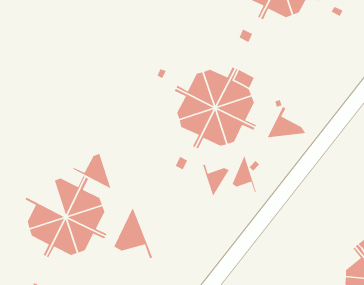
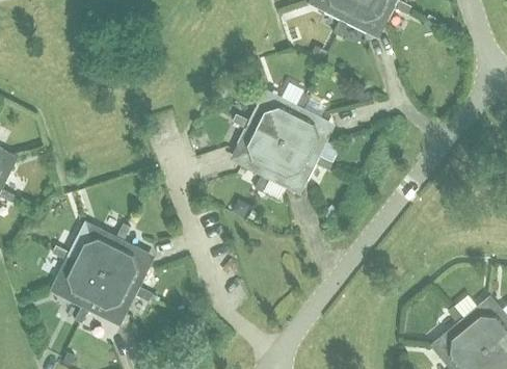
building: [267,106,307,138] -> none
building: [72,153,112,190] -> [54,230,102,274]
building: [232,154,257,193] -> none
building: [202,164,230,198] -> none
building: [113,206,153,259] -> none

